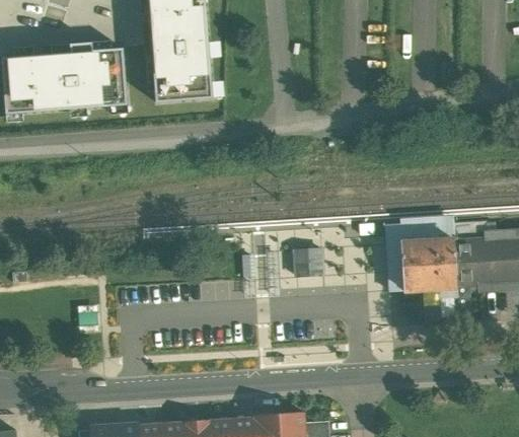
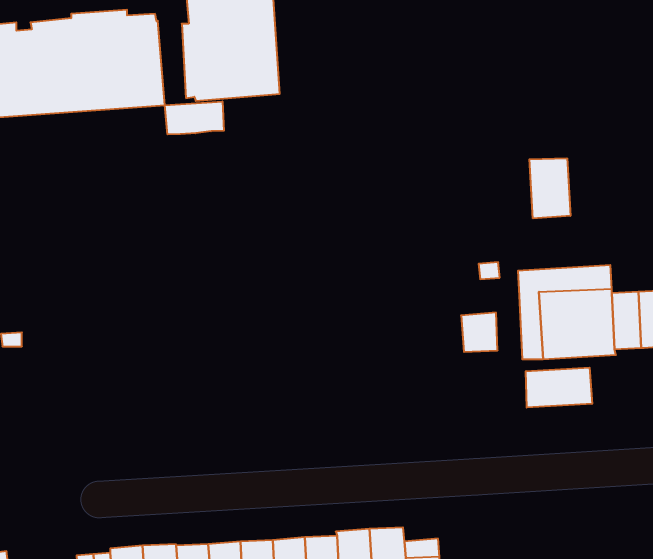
building: none -> [165,101,224,134]
building: none -> [529,158,570,218]
building: [296,247,322,276] -> [461,313,498,352]
building: none -> [526,368,592,408]

